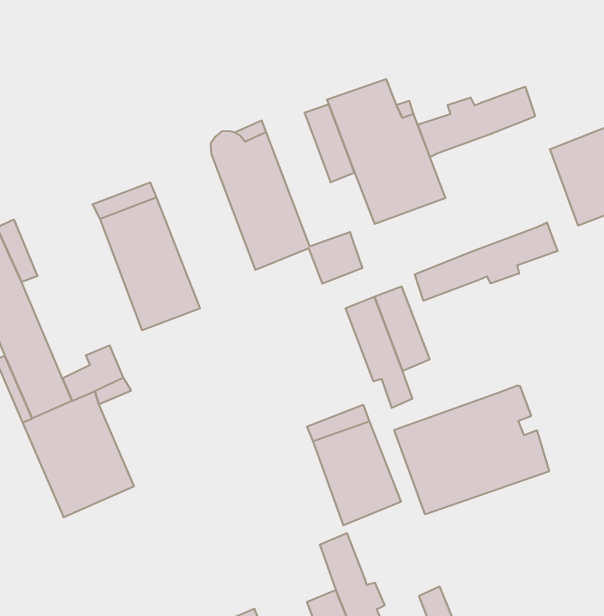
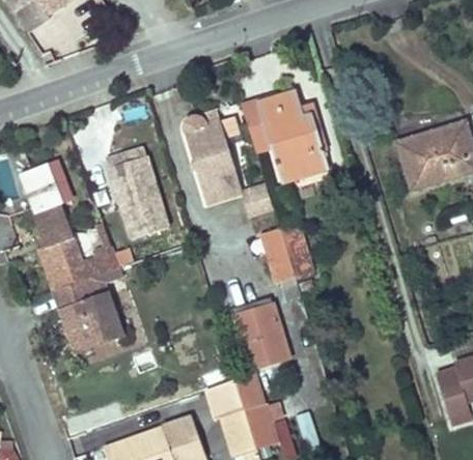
building: [418,87,535,157] -> none
building: [415,222,558,301] -> none
building: [394,385,549,514] -> none
building: none -> [205,380,244,419]

